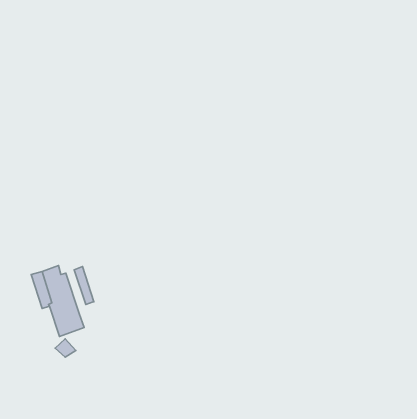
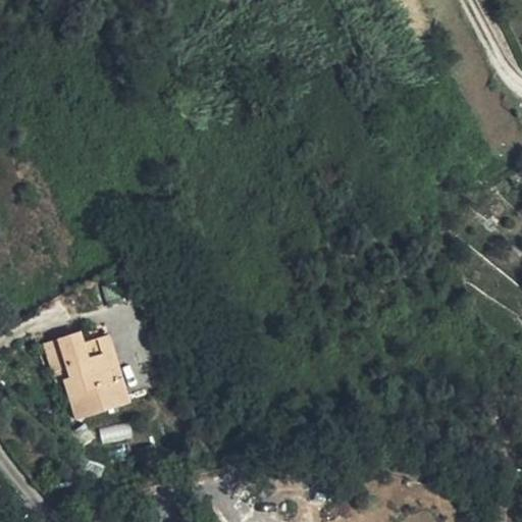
building: none -> [87,336,127,408]

